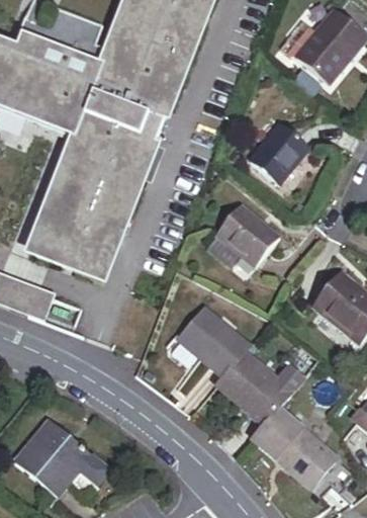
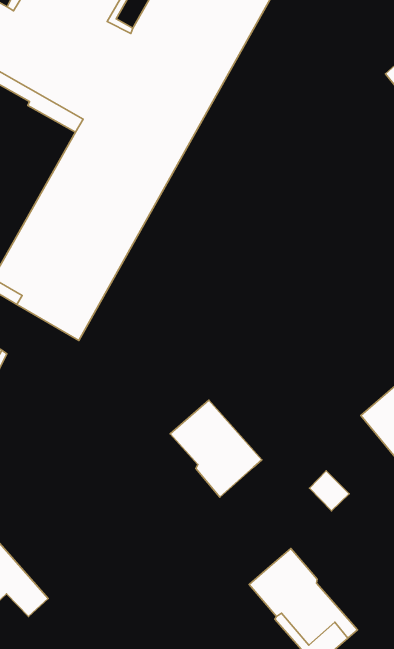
building: [250,123,308,183] -> none
building: [209,206,277,264] -> none
building: [217,352,290,422] -> none

